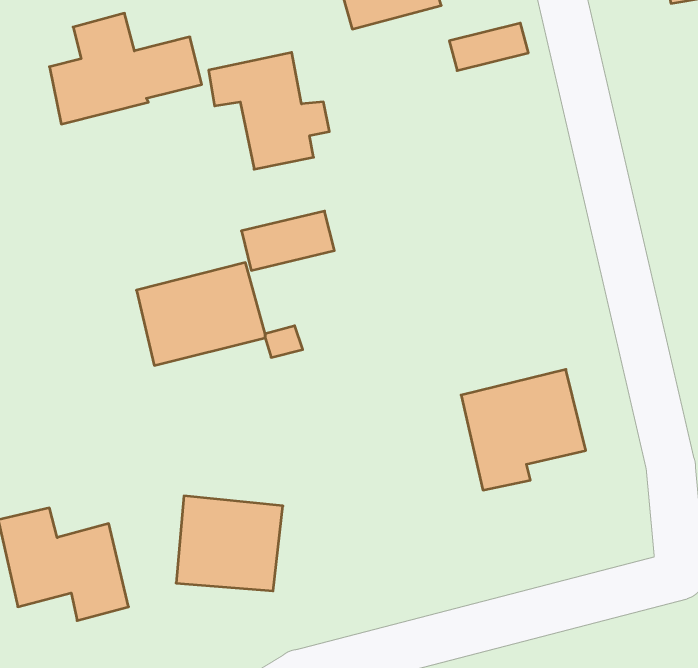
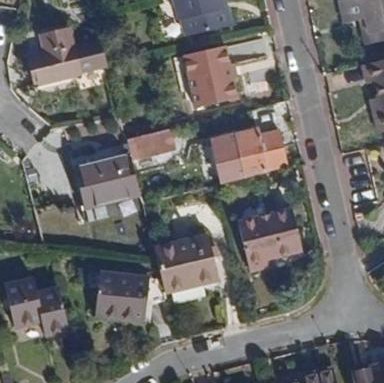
building: [209,52,329,169] -> [182,46,243,105]
building: none -> [221,130,286,180]
building: none -> [153,235,218,292]

